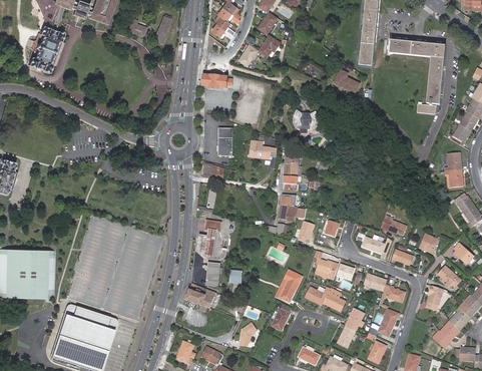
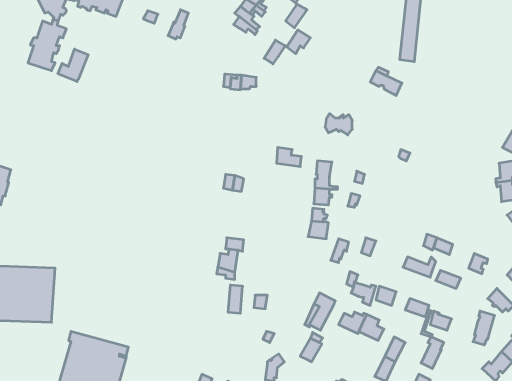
building: [389,40,444,114] -> none
building: none -> [58,49,88,82]
building: [218,127,232,155] -> none
building: [185,283,215,308] -> none

